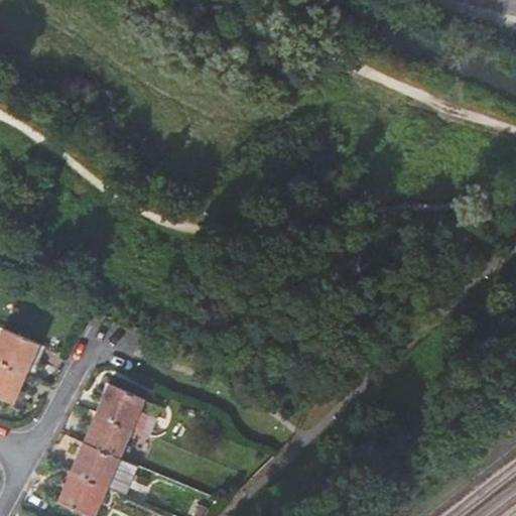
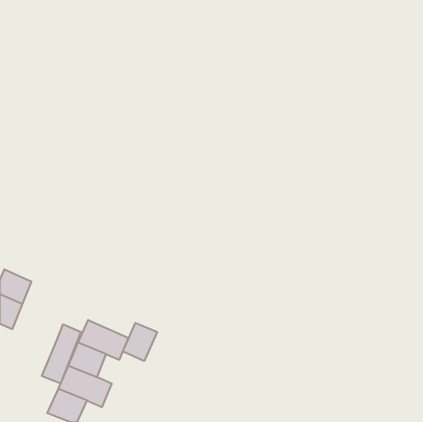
building: none -> [123,323,157,361]
building: none -> [42,324,81,384]

